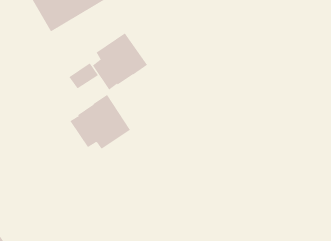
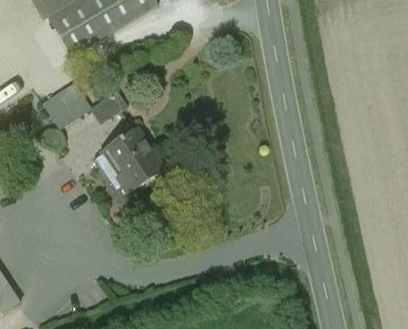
building: [92,32,148,90] -> none
building: none -> [41,80,91,128]

